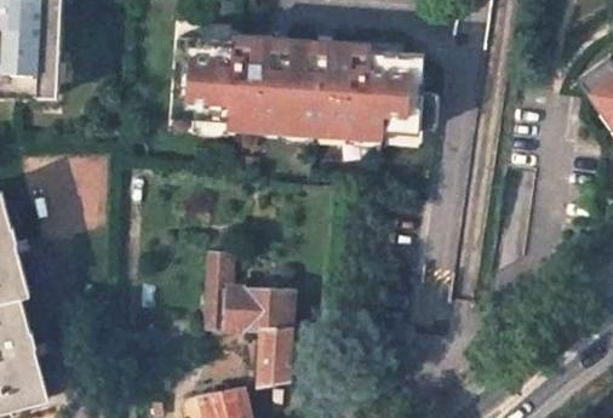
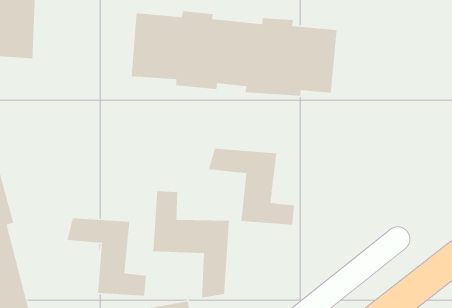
building: none -> [208,148,295,226]
building: none -> [67,217,147,297]

